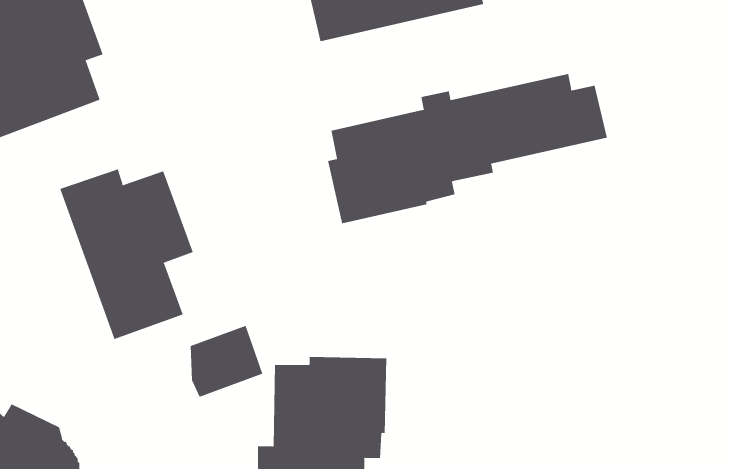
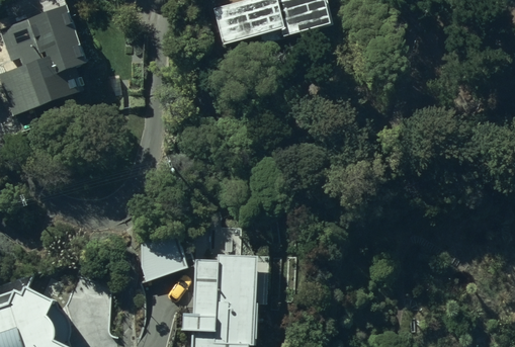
building: [327,73,607,224] -> none
building: [59,168,193,340] -> none

